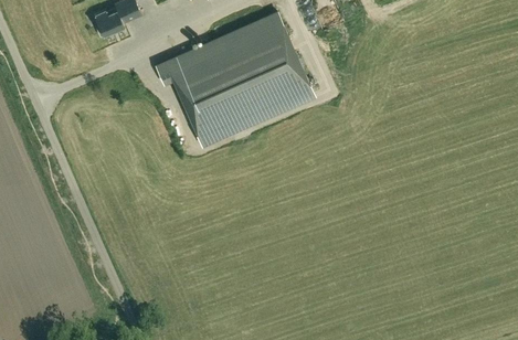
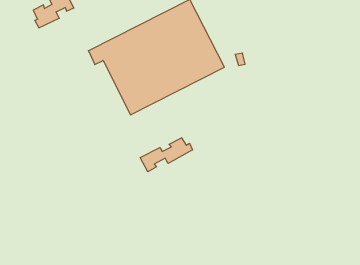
building: none -> [140,138,193,172]

